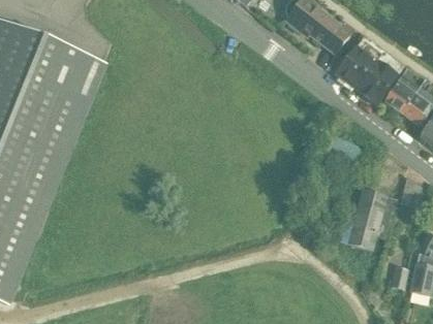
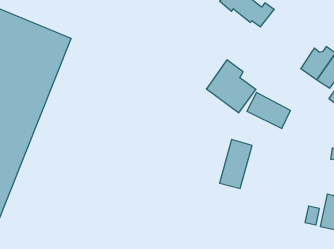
building: [336,39,396,103] -> [206,60,256,113]
building: [346,190,385,249] -> [220,140,252,188]

